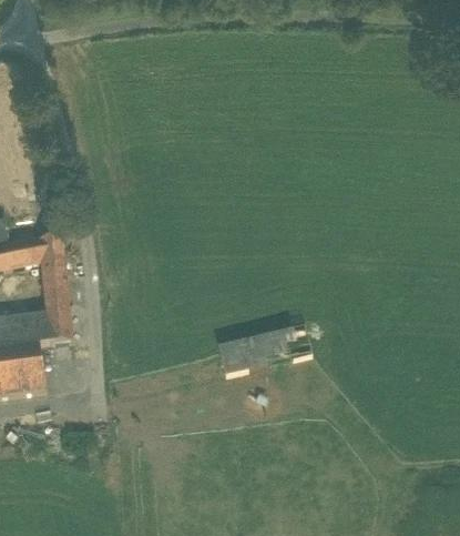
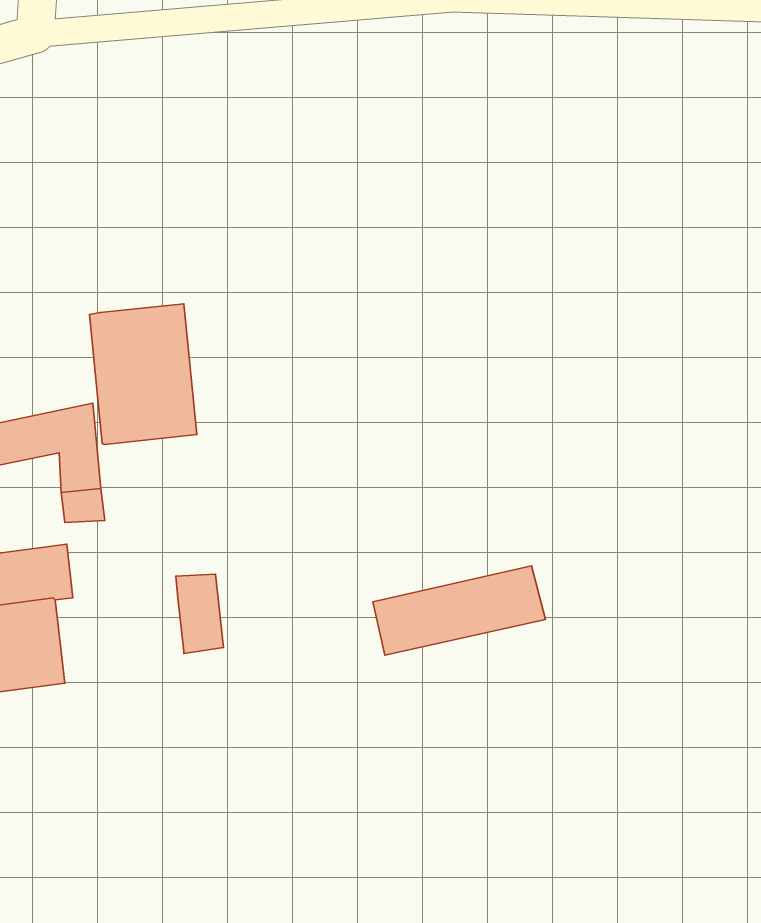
building: none -> [90,304,197,445]
building: [45,299,72,343] -> [176,574,224,653]

